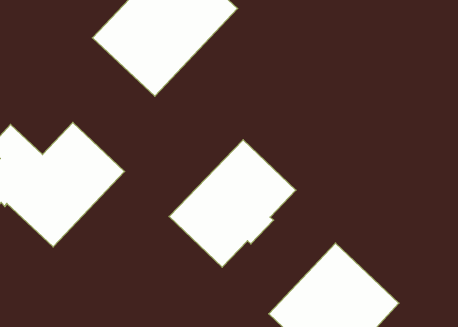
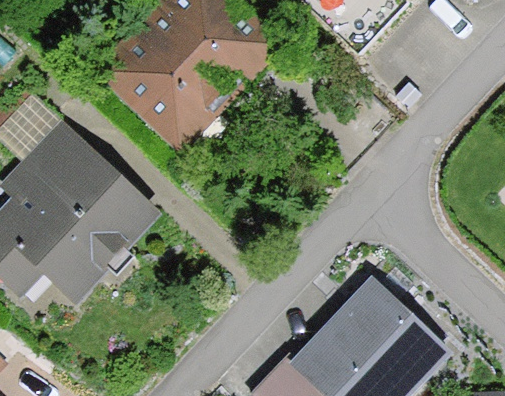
building: [169,140,296,267] -> none

